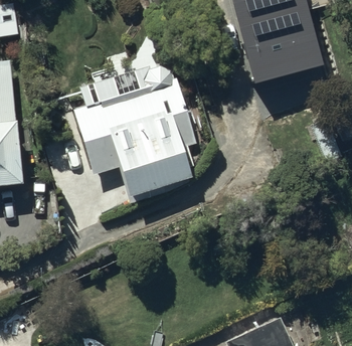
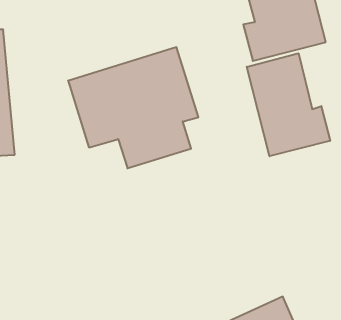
building: none -> [247,53,330,156]

